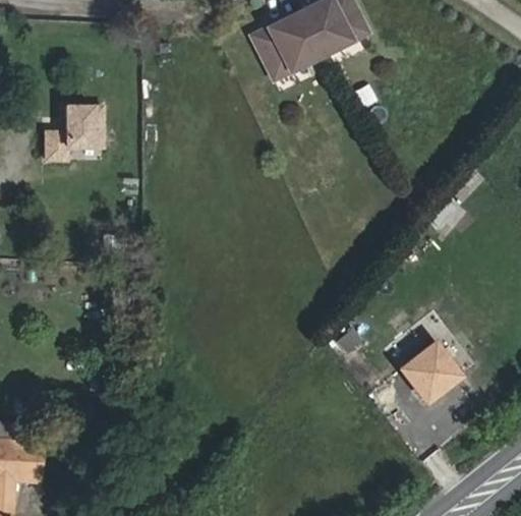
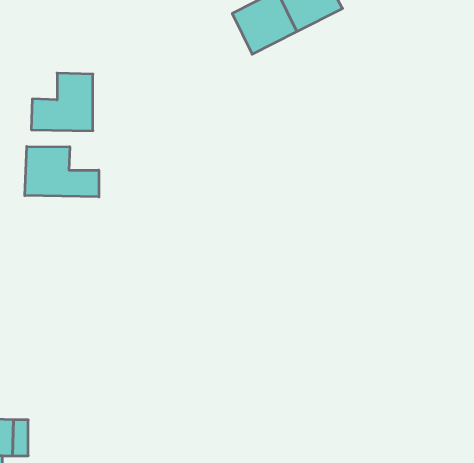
building: none -> [25,146,99,197]
building: [400,335,469,404] -> none

